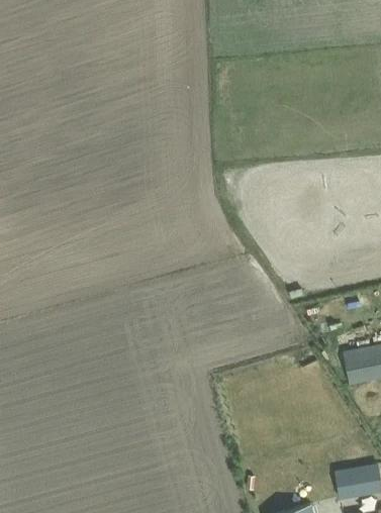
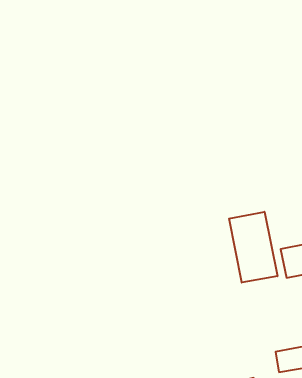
building: none -> [229,212,277,283]

